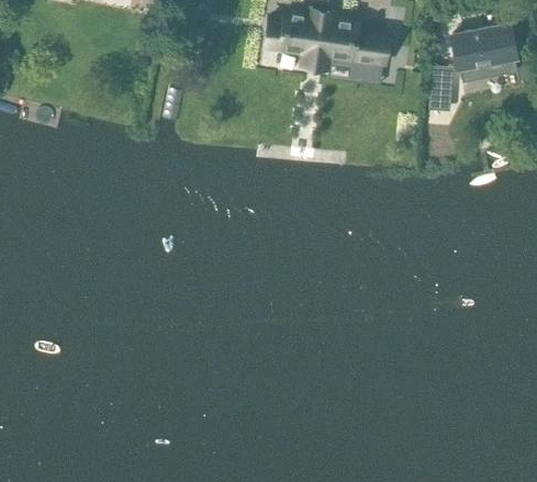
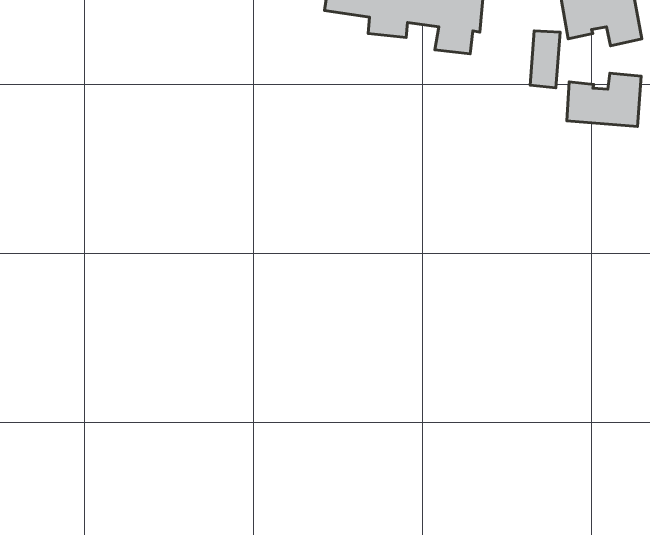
building: none -> [567,73,641,126]

